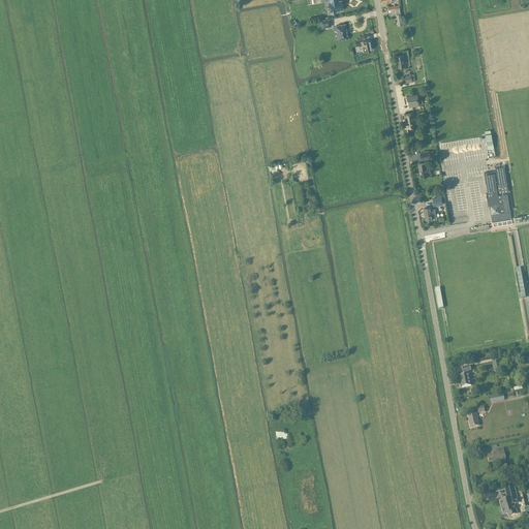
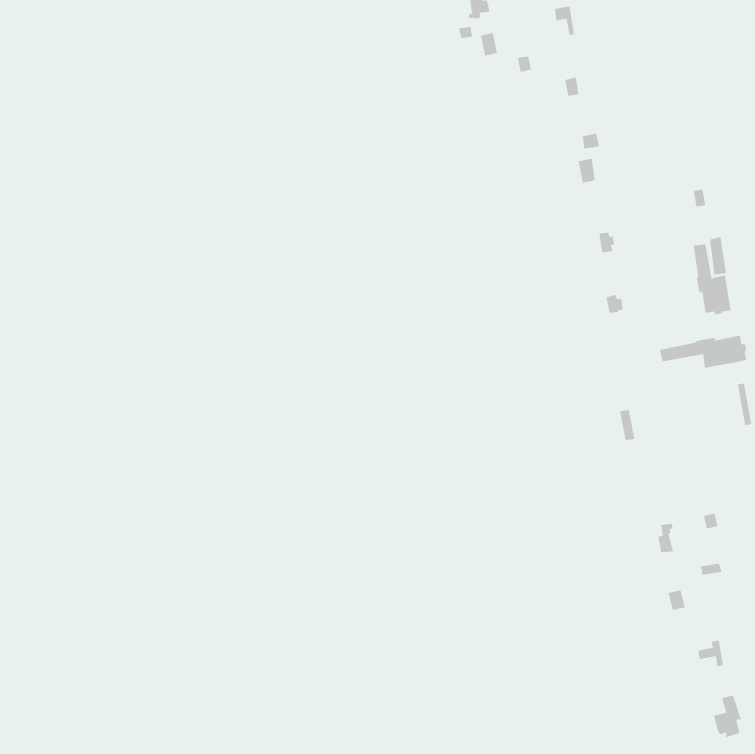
building: none -> [659,335,747,368]

